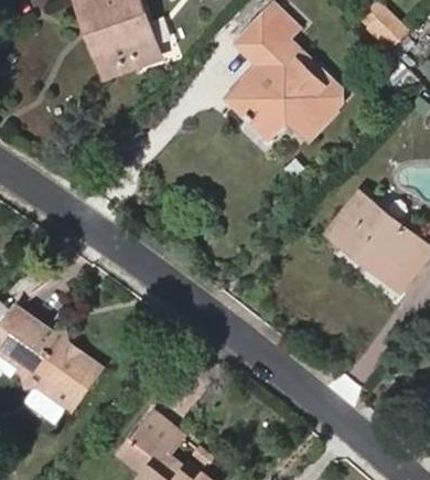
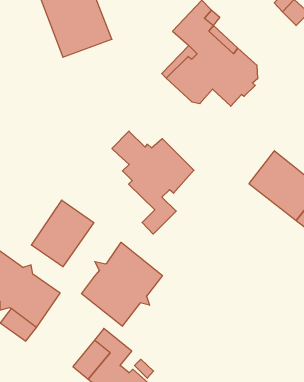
building: none -> [112,131,194,234]
building: none -> [31,200,94,267]
building: none -> [82,242,162,326]

